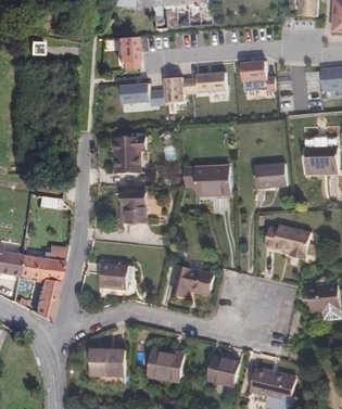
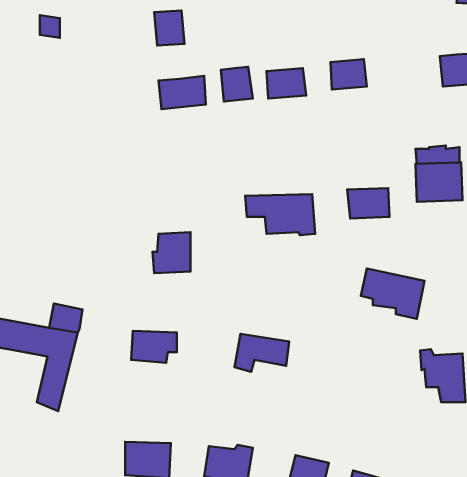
building: [113,136,144,170] -> none

